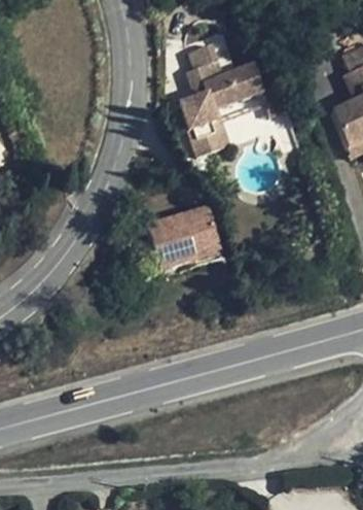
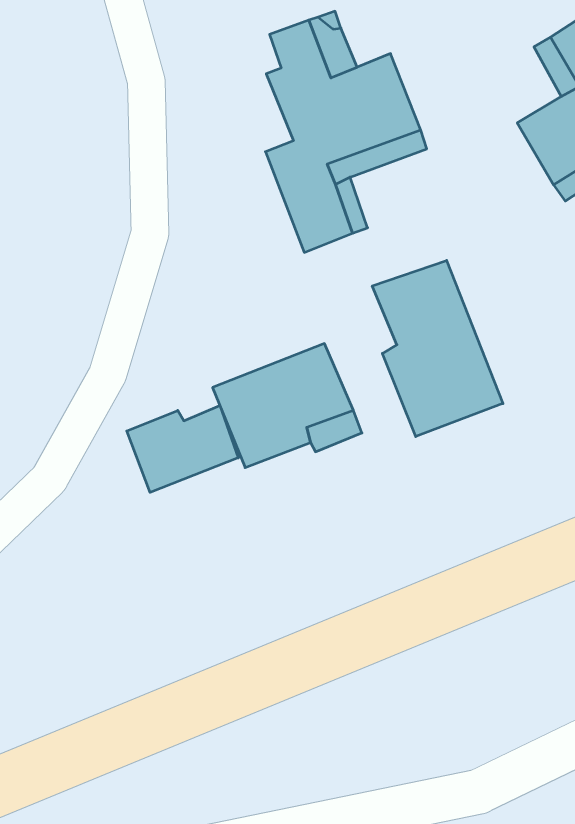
building: none -> [372,260,503,437]
building: none -> [127,406,238,492]

